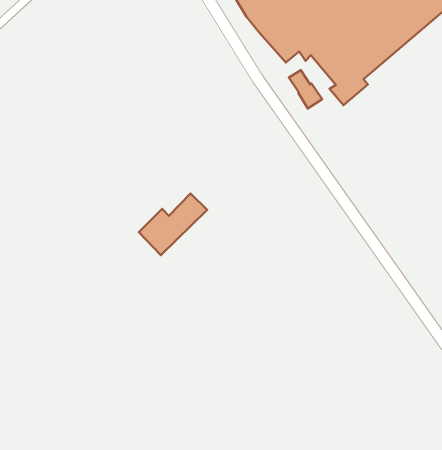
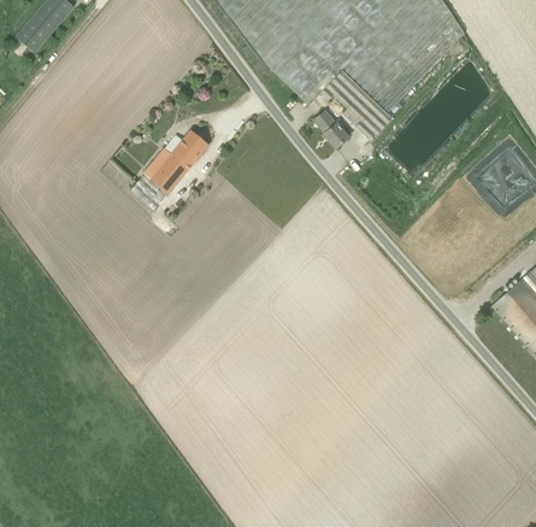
building: [139,194,207,255] -> [146,127,211,191]

